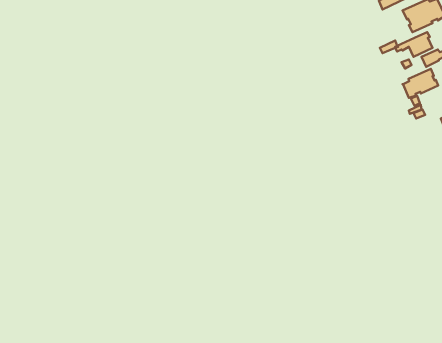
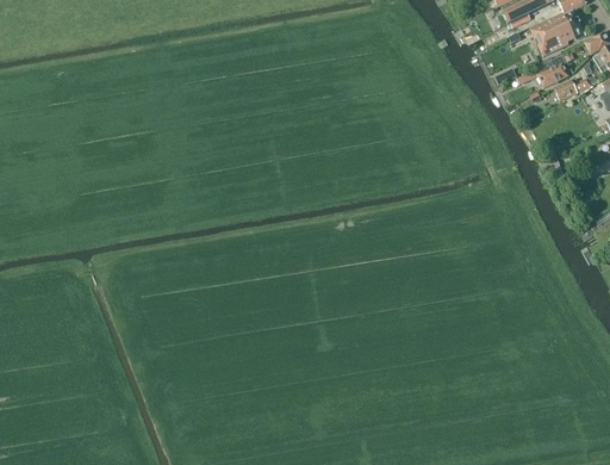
building: [403,69,438,98] -> none

